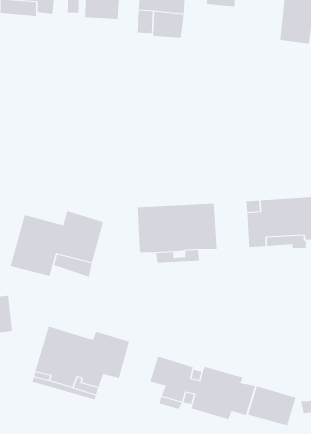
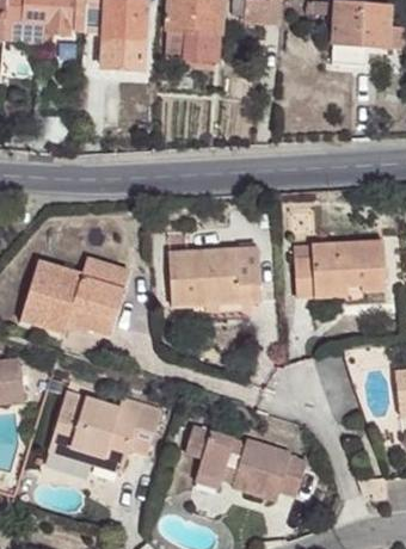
building: none -> [105,33,146,64]
building: [247,385,296,426] -> none

